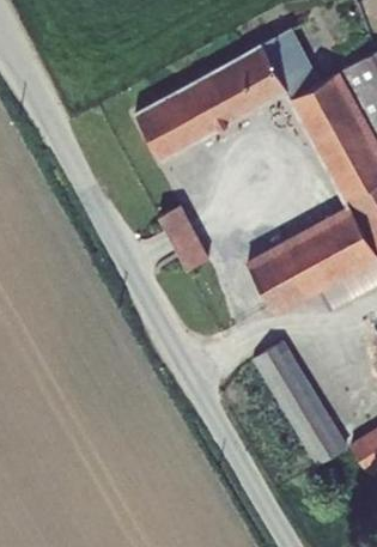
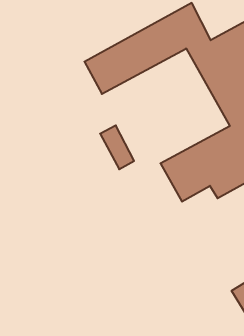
building: [253,340,346,466] -> none

